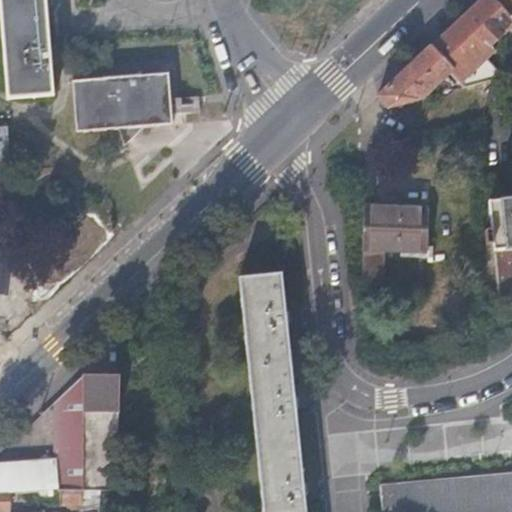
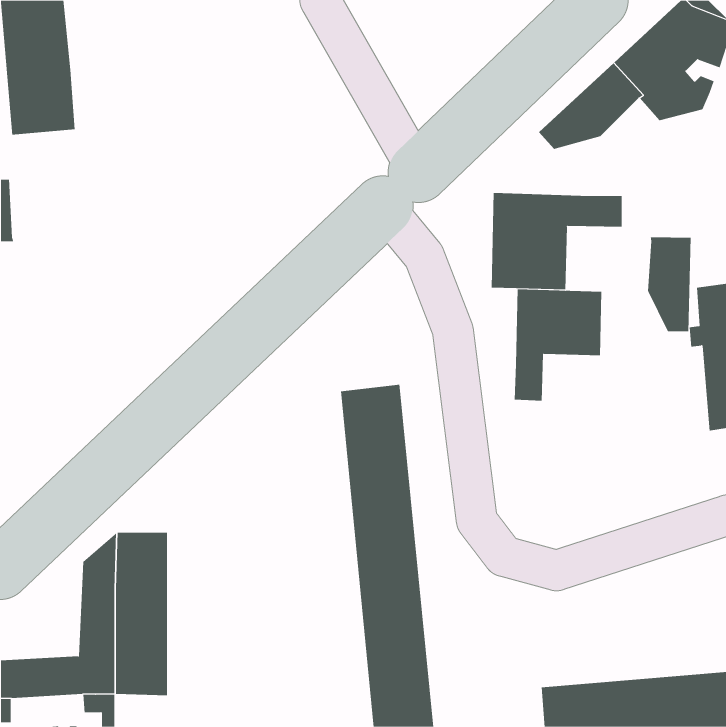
building: [74,72,173,142] -> none
building: none -> [491,192,622,290]
building: none -> [648,236,691,332]

